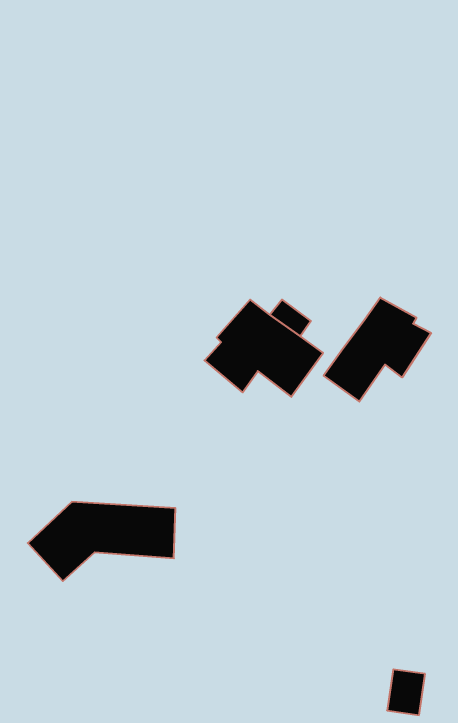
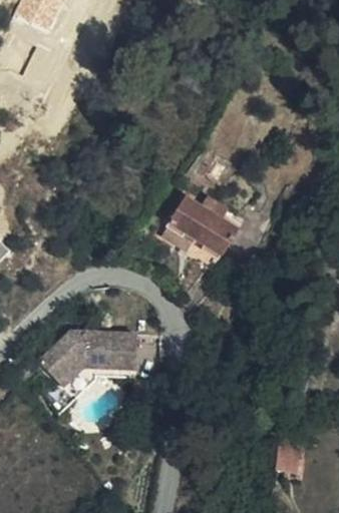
building: [324,297,431,402] -> none

